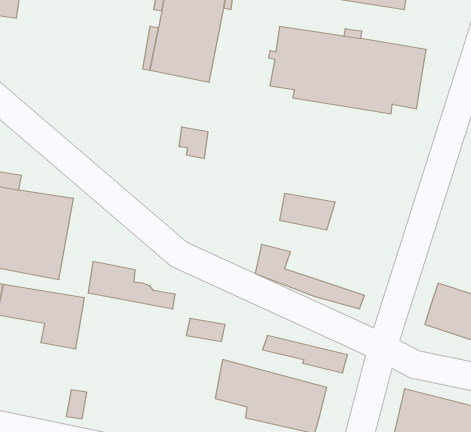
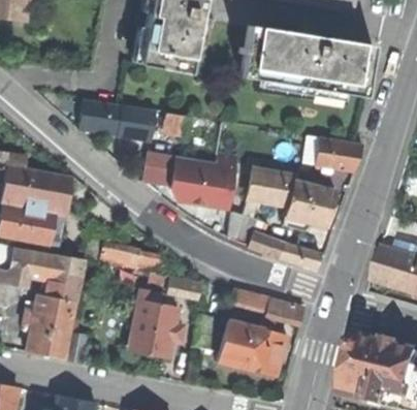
building: none -> [79,101,156,140]
building: none -> [302,136,363,171]
building: none -> [143,152,236,209]
building: none -> [283,180,336,230]
building: none -> [129,289,186,357]
building: none -> [24,294,76,358]

